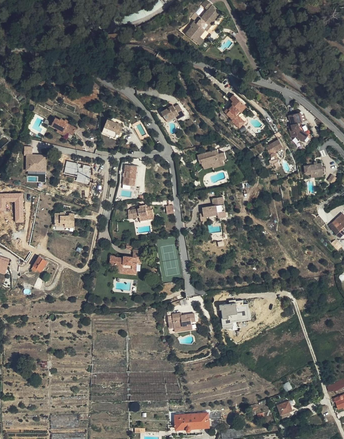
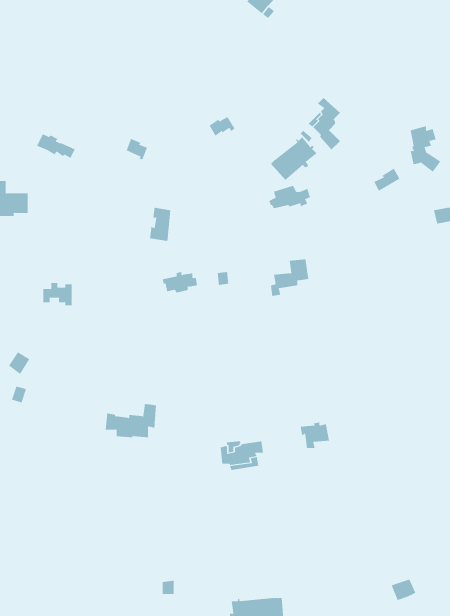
building: none -> [270,136,317,181]
building: [63,161,90,184] -> none
building: [108,249,141,271] -> [105,403,157,438]

